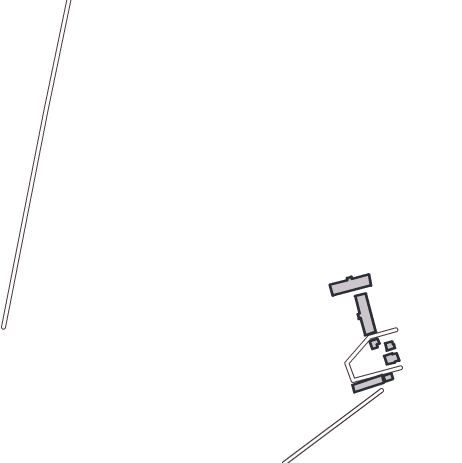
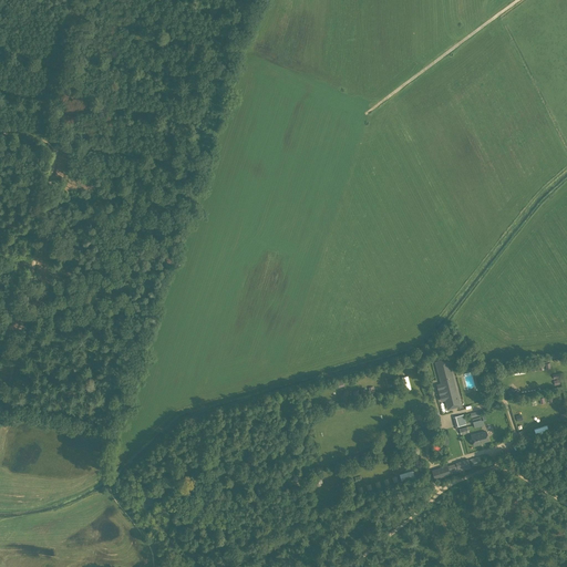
building: [330,274,371,296] -> none

